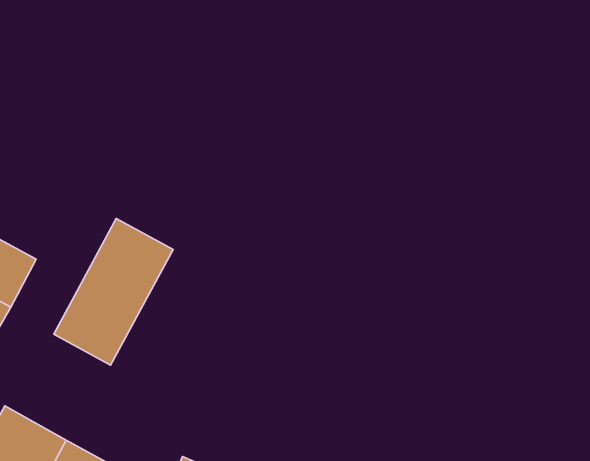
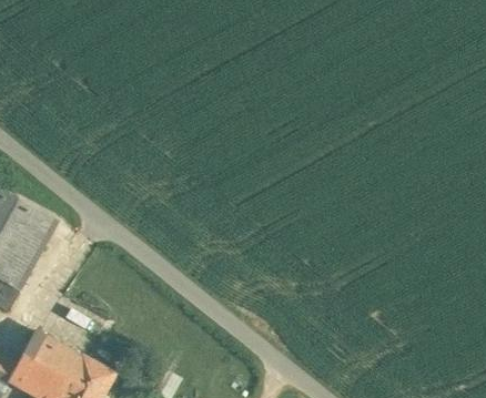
building: [54,219,173,365] -> none

